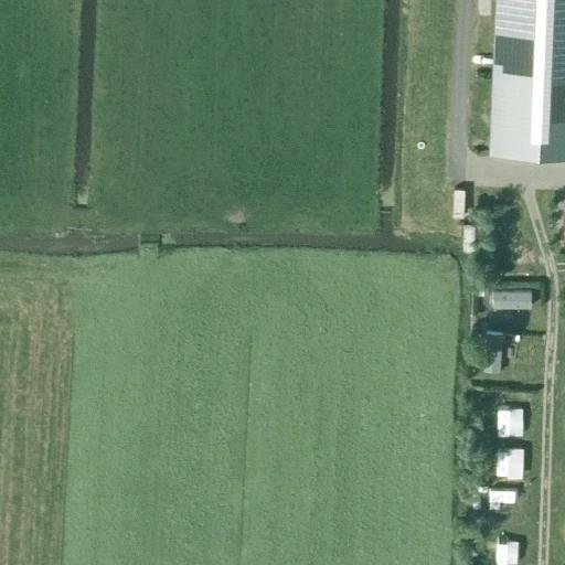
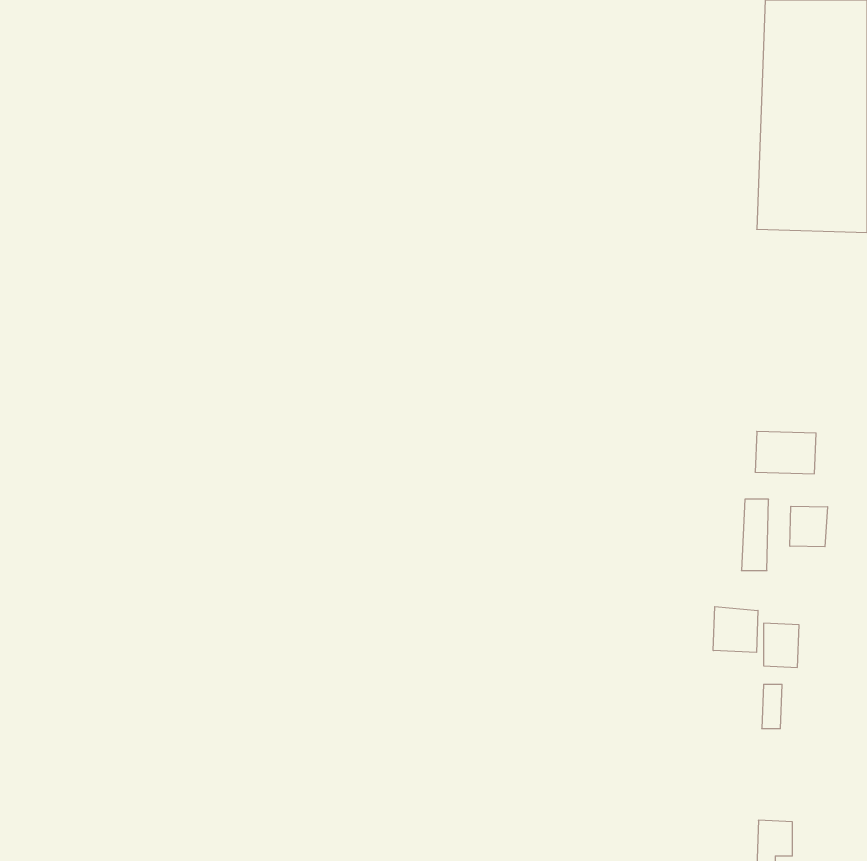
building: none -> [790,506,828,547]
building: none -> [713,607,758,652]

